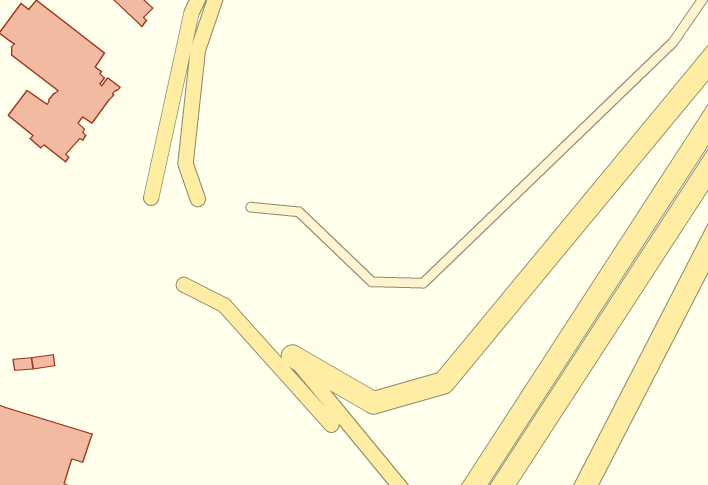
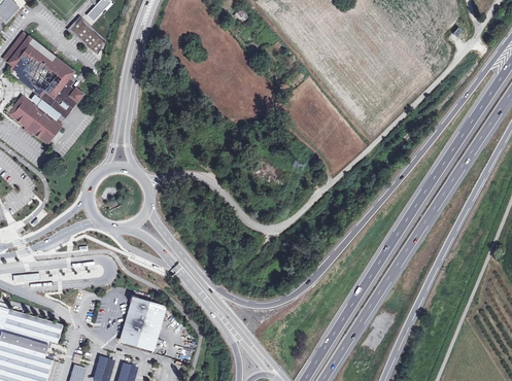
building: none -> [121,296,166,349]

